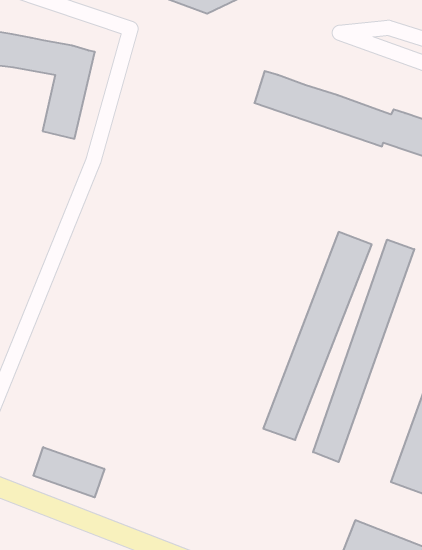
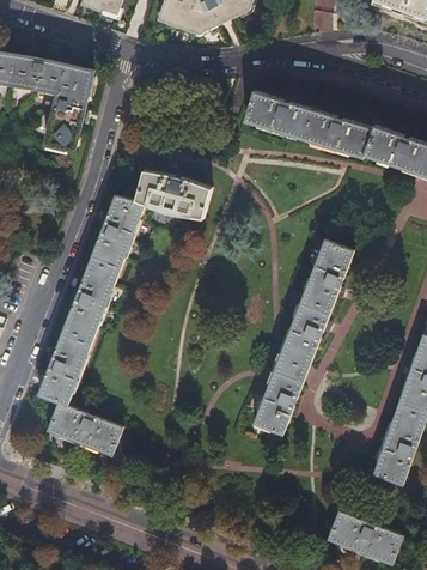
building: none -> [39,166,209,456]
building: [313,240,414,462] -> none
building: [33,447,104,497] -> none

